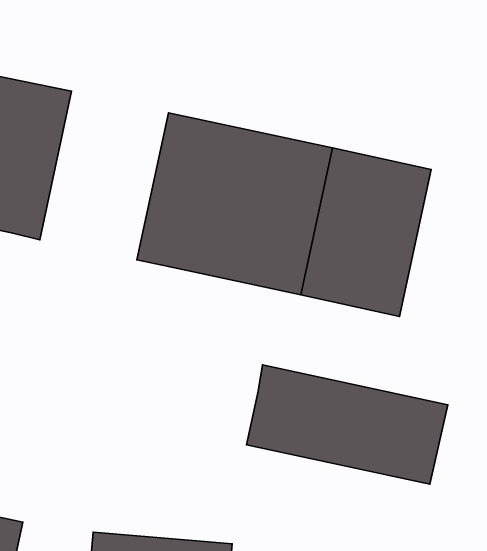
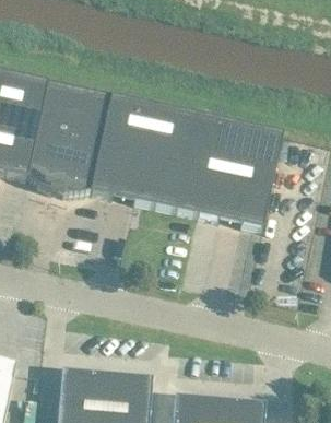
building: none -> [9,79,110,207]
building: [246,365,448,484] -> none

